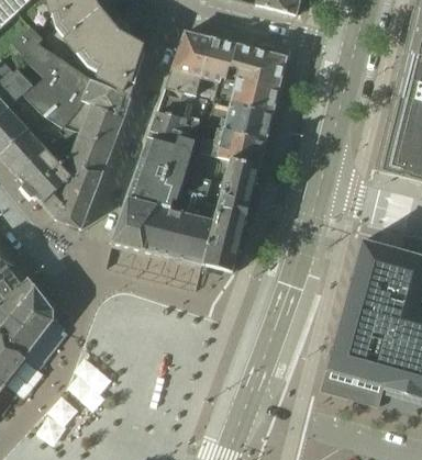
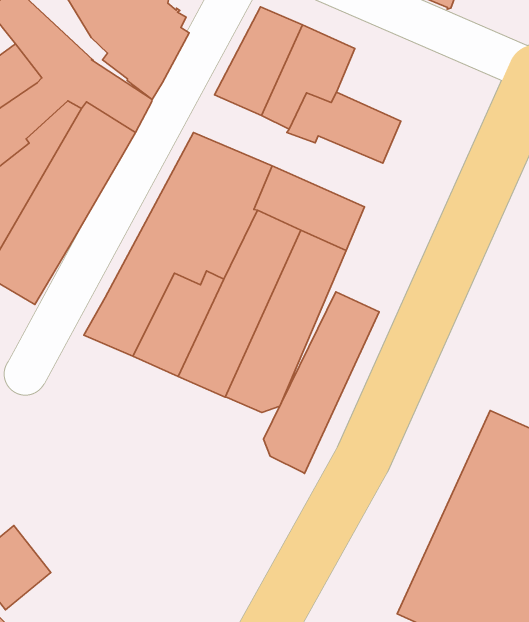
building: [237,46,286,85] -> none
building: [157,87,271,138] -> none
building: none -> [264,292,379,473]

